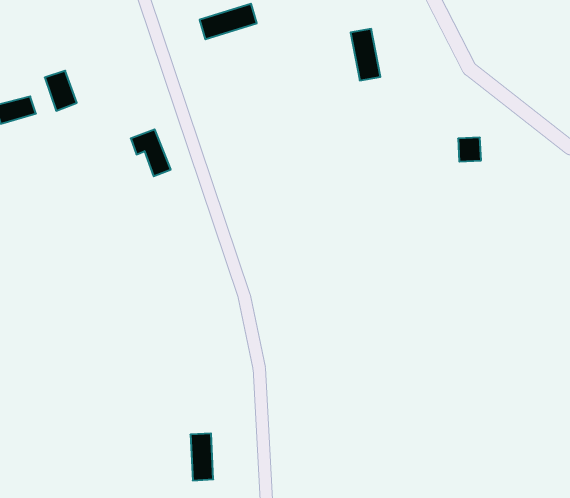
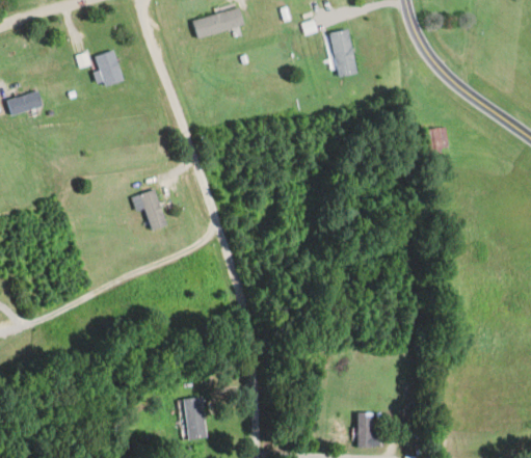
building: [45,71,77,111] -> [96,50,125,86]
building: [131,129,171,176] -> [132,189,168,232]
building: none -> [356,412,381,448]

